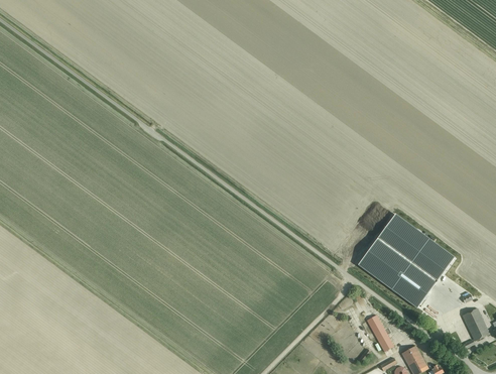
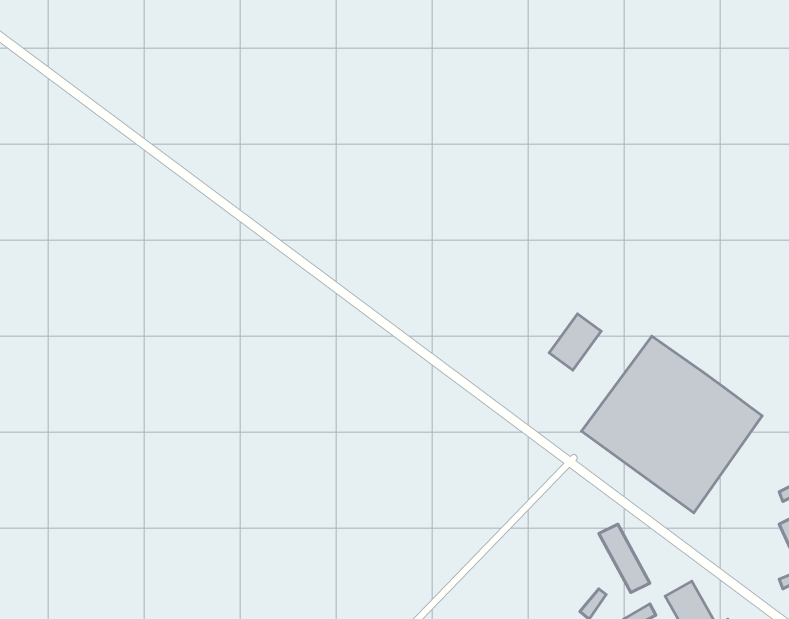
building: none -> [549,314,601,370]

